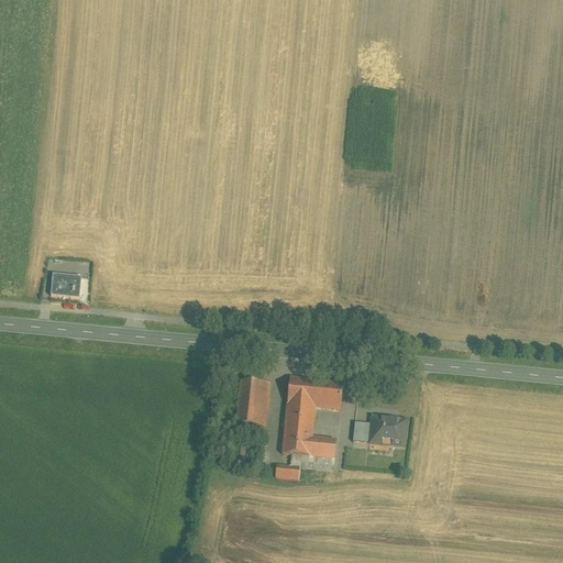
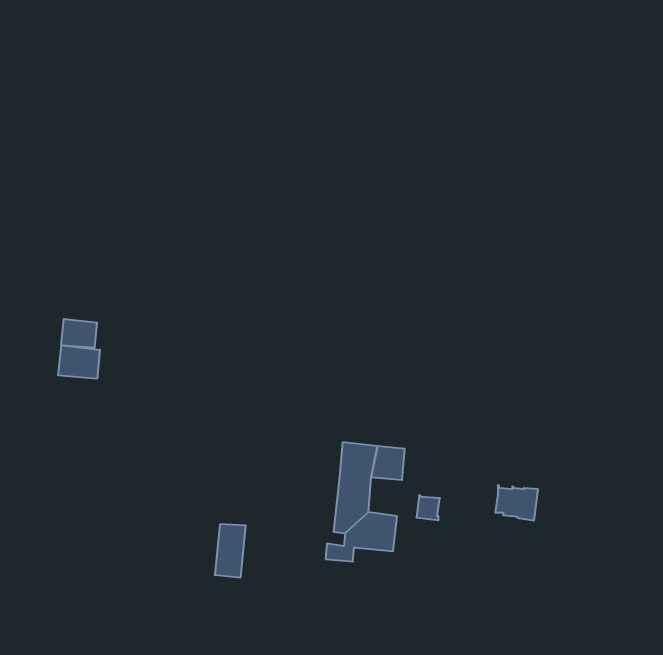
building: none -> [58,345,100,379]
building: [236,378,263,423] -> [215,524,246,577]
building: [371,415,407,444] -> [495,485,538,520]

